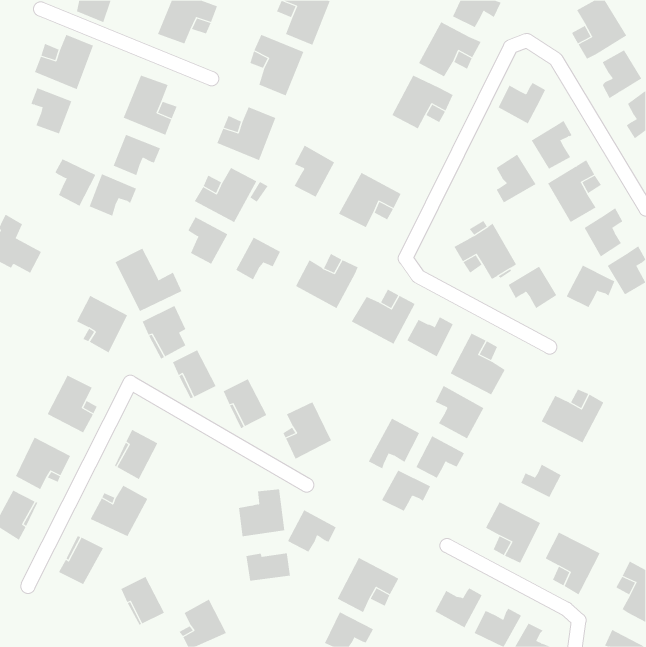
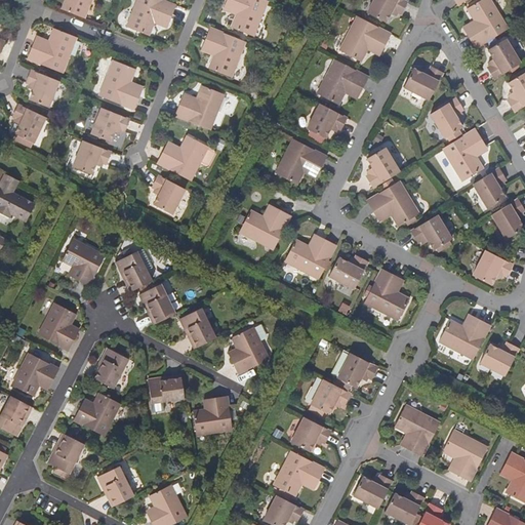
building: none -> [306,105,346,139]
building: [294,145,335,198] -> none
building: [496,154,536,203] -> [367,147,400,187]
building: [54,158,96,207] -> [13,106,47,145]
building: [235,237,281,280] -> none
building: [115,248,182,312] -> none
building: [566,265,615,308] -> [471,250,511,285]
building: [435,385,484,439] -> none
building: [368,418,420,469] -> none
building: none -> [479,342,518,375]
building: [520,464,562,498] -> none
building: none -> [148,377,184,402]
building: [287,509,337,552] -> [289,417,329,452]
building: [246,553,291,582] -> none

